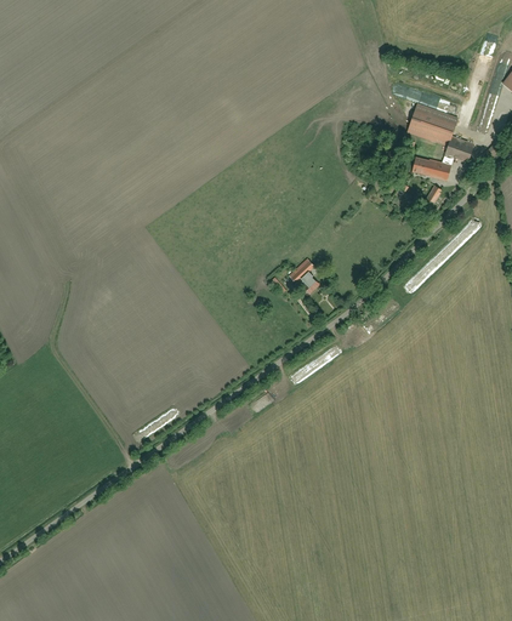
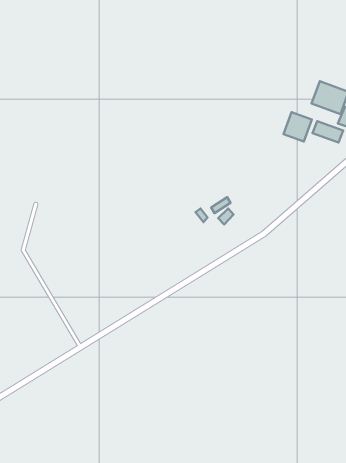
building: none -> [283,112,312,142]

